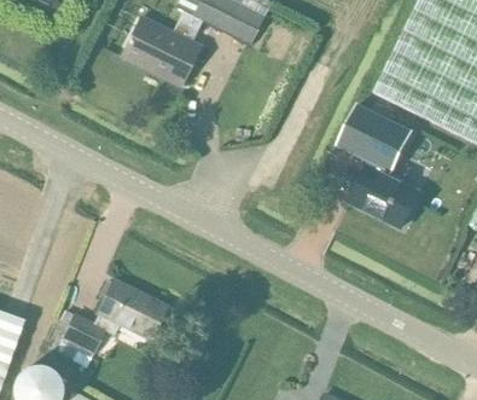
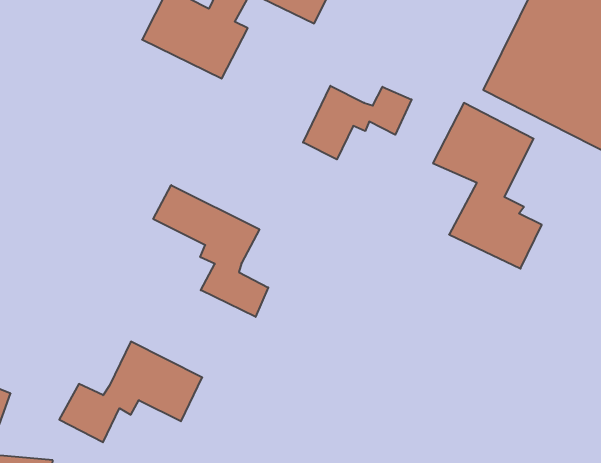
building: none -> [303,86,412,159]
building: none -> [153,185,268,317]

